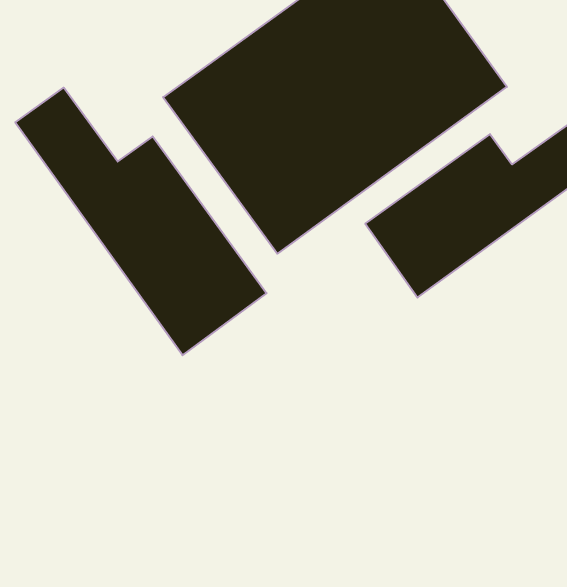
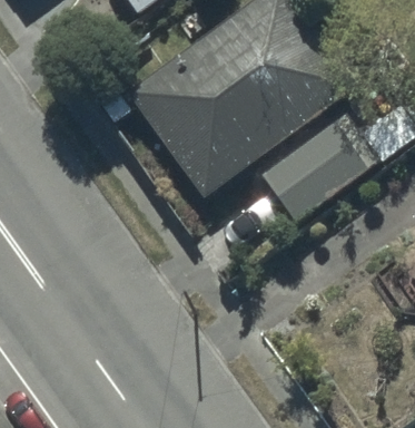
building: [15,88,267,355] -> none

